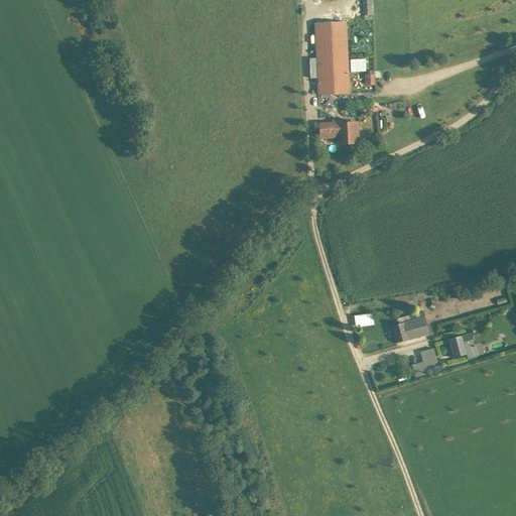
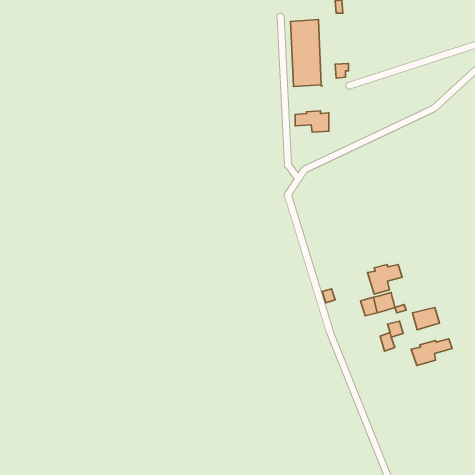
building: none -> [367,264,402,294]
building: none -> [411,339,452,365]

